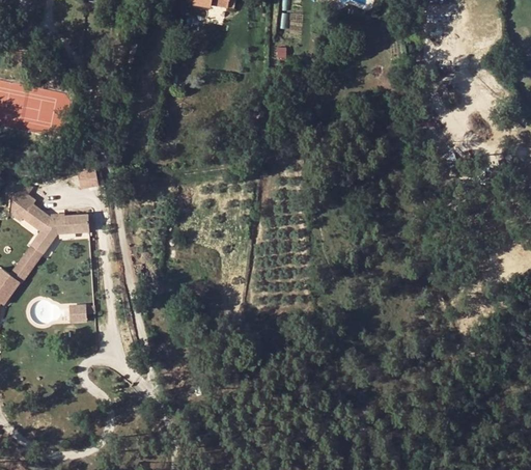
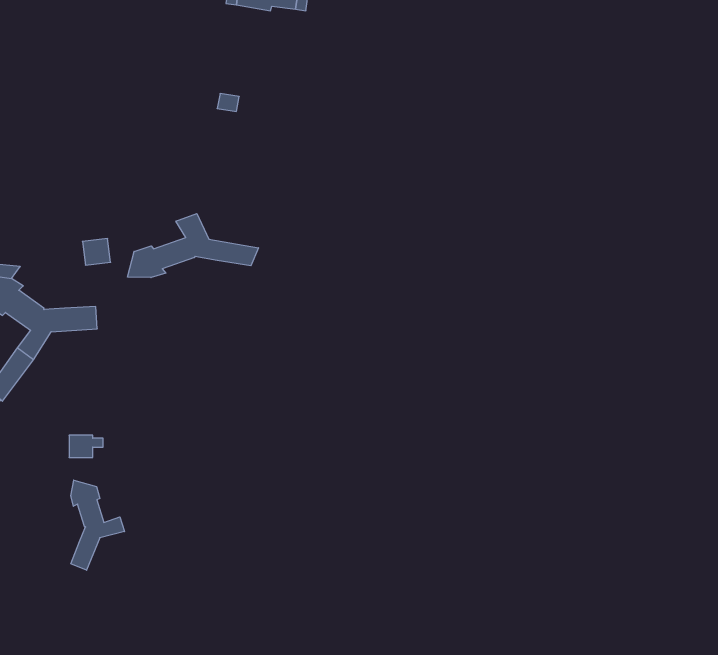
building: none -> [128,214,258,278]
building: none -> [71,480,124,570]

